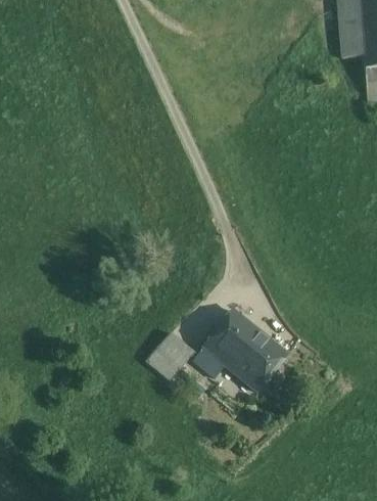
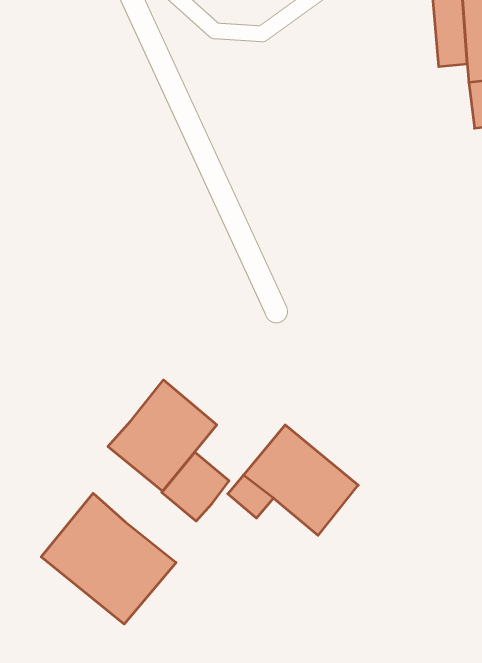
building: none -> [108,380,217,491]
building: none -> [41,493,176,624]

